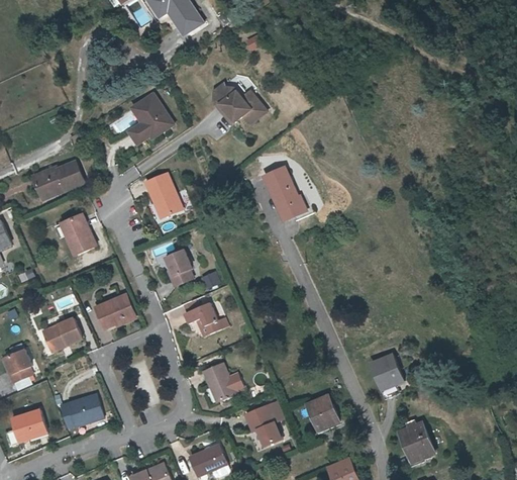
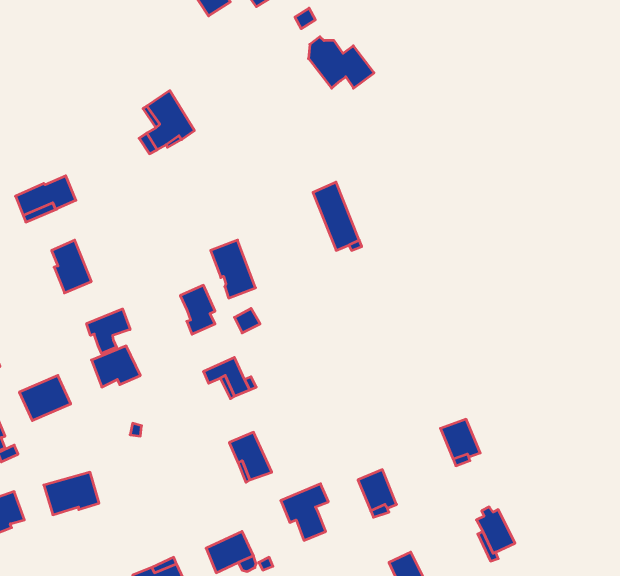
building: [218,89,270,129] -> [308,37,374,88]
building: [147,175,183,220] -> [211,240,256,298]
building: none -> [87,309,130,353]

